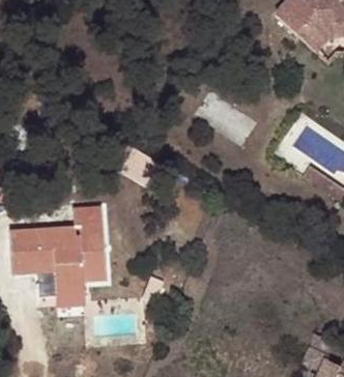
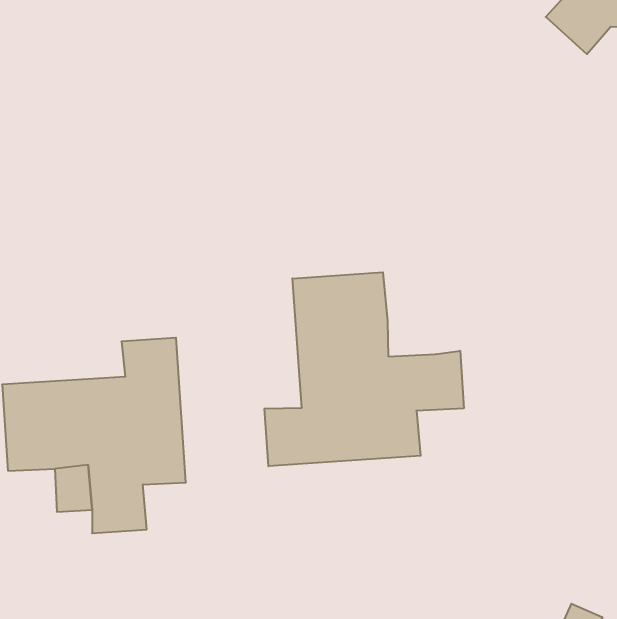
building: none -> [265,272,464,466]

